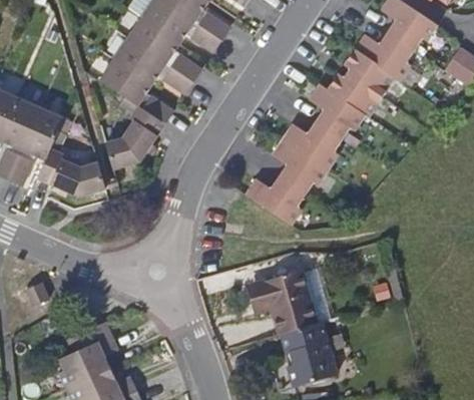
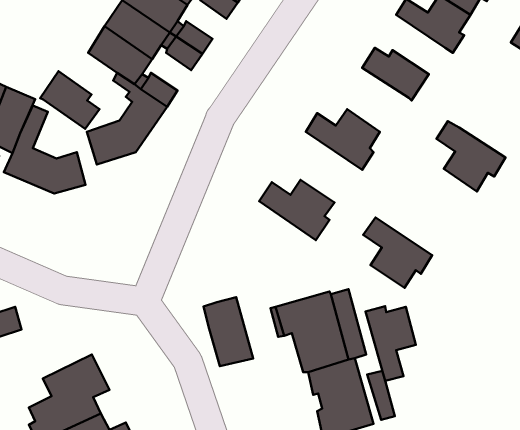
building: [340,48,390,95] -> none
building: [306,85,361,141] -> [436,121,506,192]
building: none -> [40,71,99,129]
building: [269,141,324,197] -> [363,217,432,288]
building: none -> [204,297,253,366]
building: none -> [365,306,416,381]

